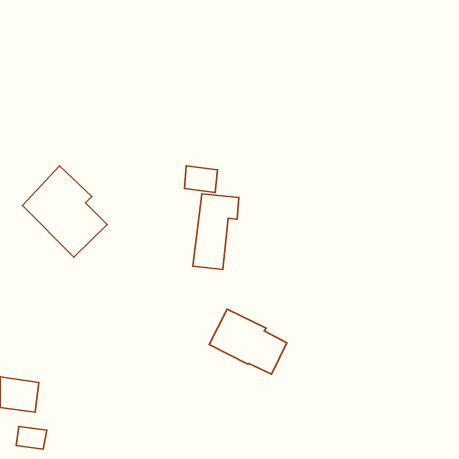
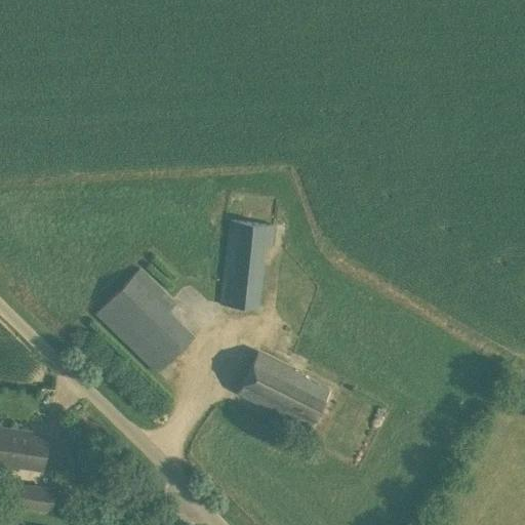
building: [185,166,218,192] -> none
building: [22,166,107,257] -> [99,270,196,373]

